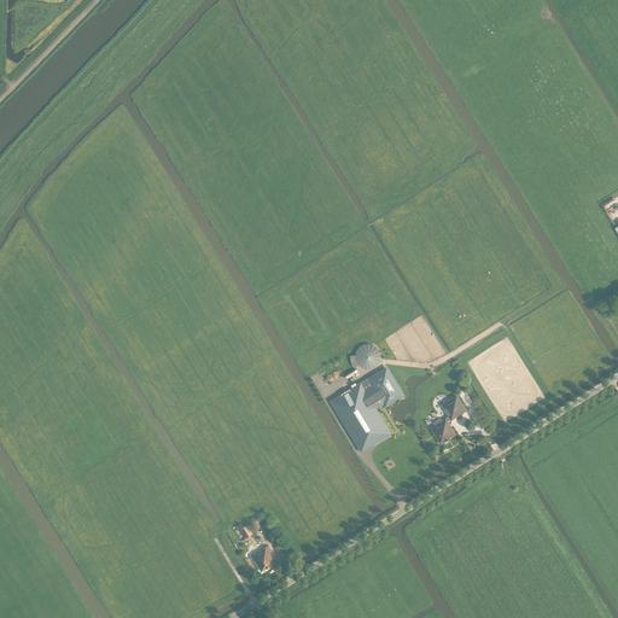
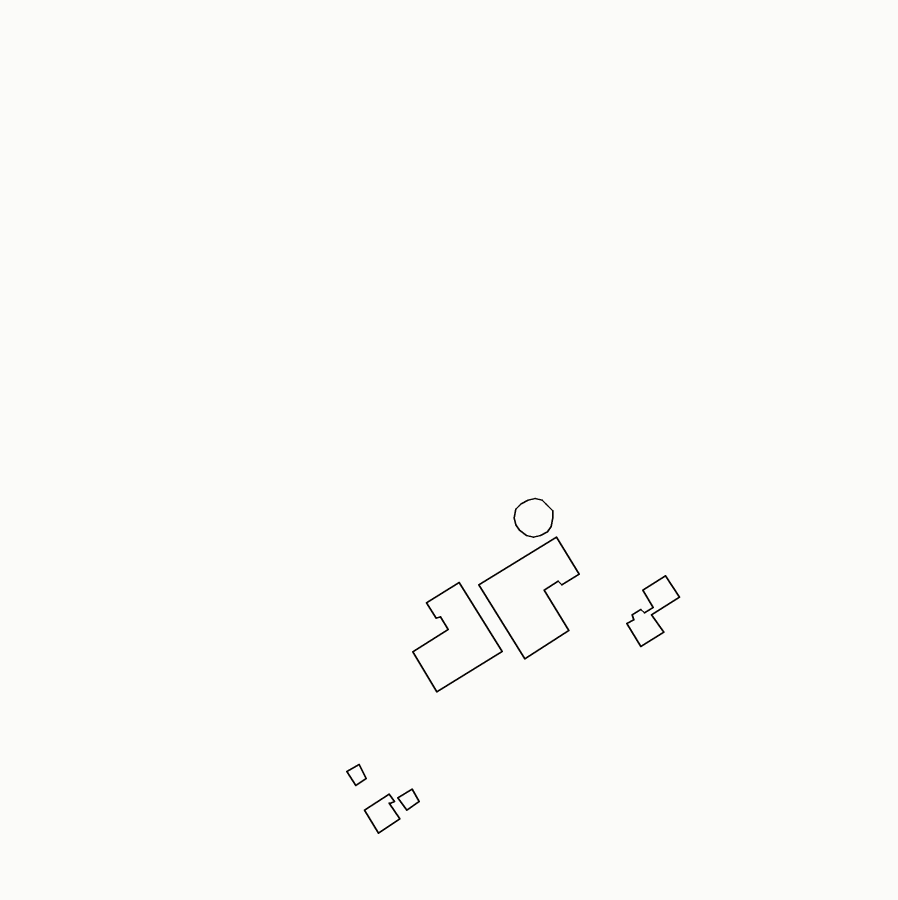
building: none -> [413,583,502,692]

